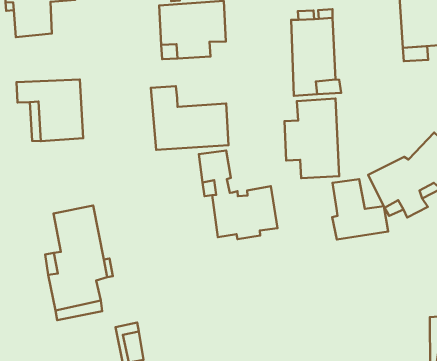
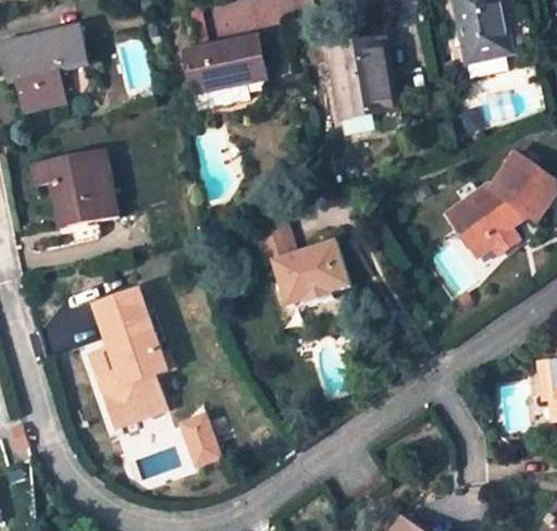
building: [151,86,229,150] -> none
building: [284,99,339,178] -> none
building: [332,179,388,240] -> none

